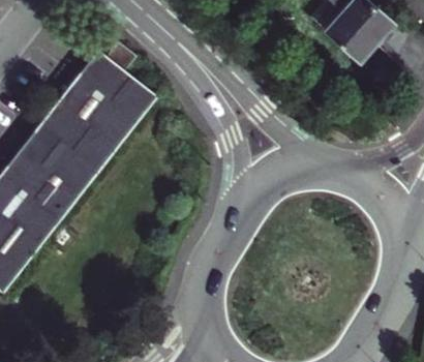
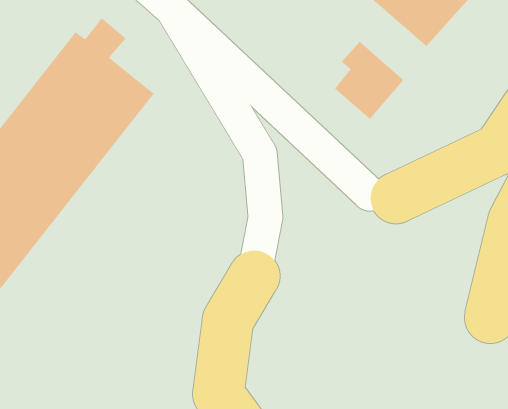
building: none -> [334,41,404,120]

